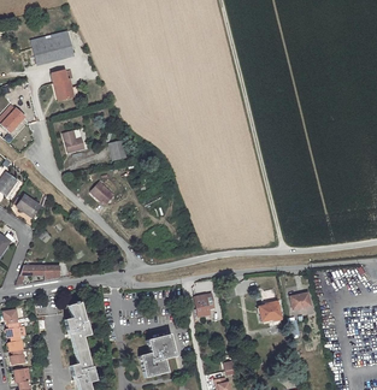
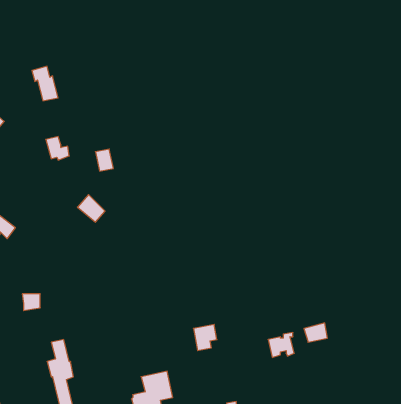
building: [30,30,66,61] -> none

